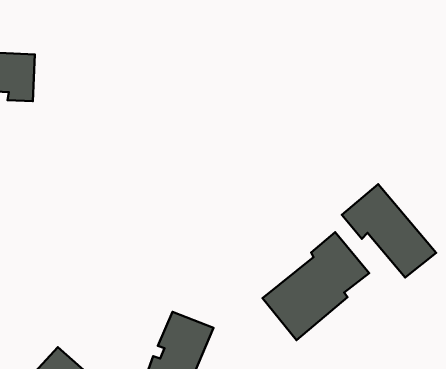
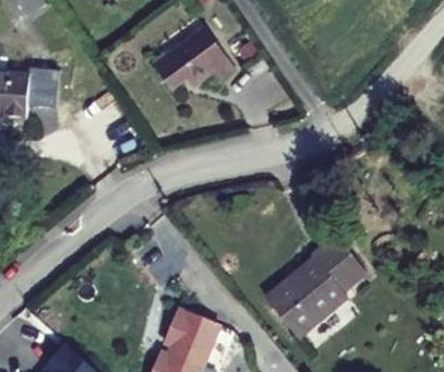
building: none -> [156,22,237,84]
building: [342,184,436,278] -> none

